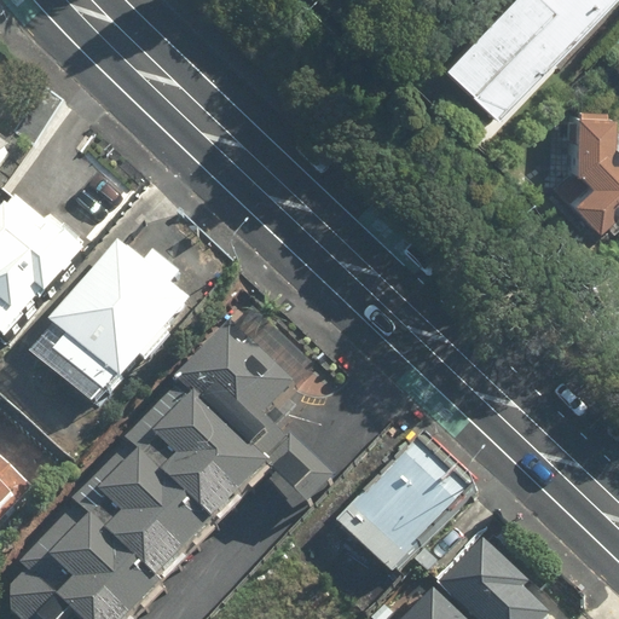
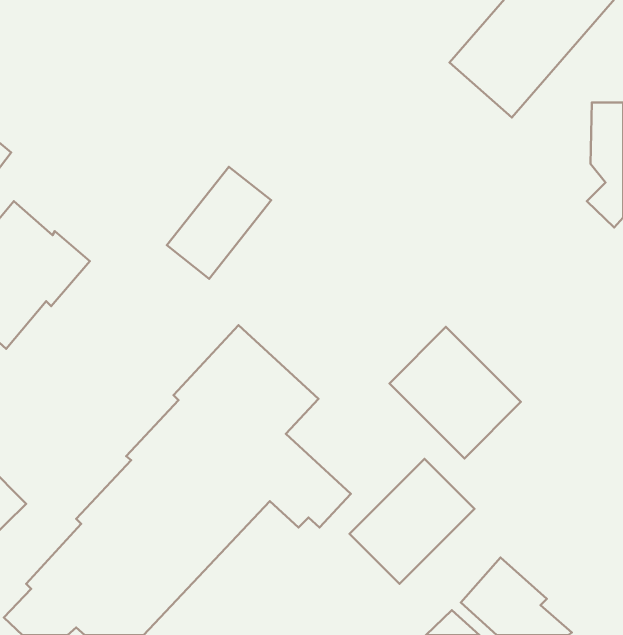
building: none -> [167,167,271,279]
building: [27,242,189,405] -> none
building: none -> [389,327,521,458]

